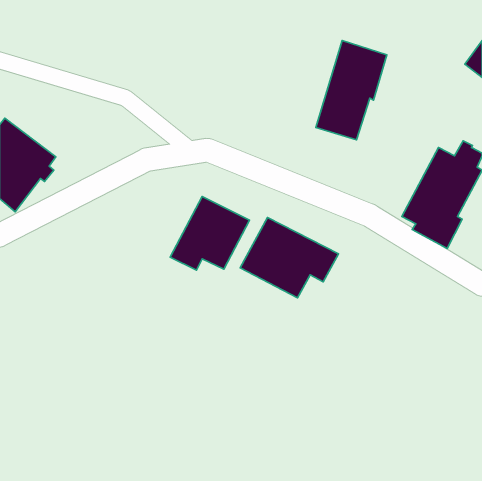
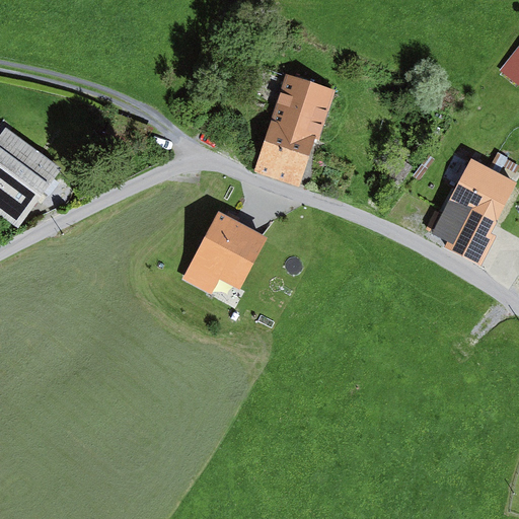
building: [316,41,387,140] -> [256,75,332,181]
building: [240,218,339,298] -> none

